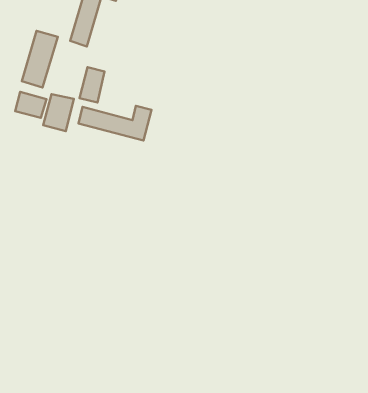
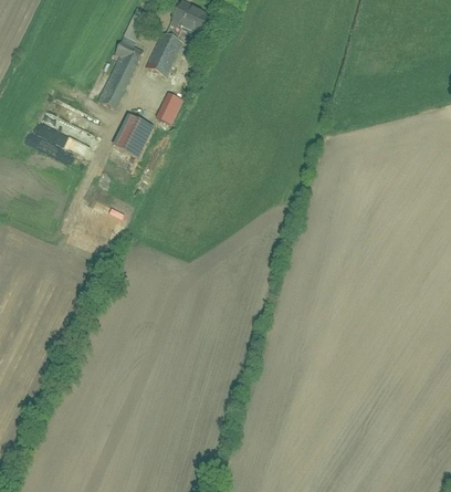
building: [15,92,47,118] -> none
building: [79,106,151,140] -> none

